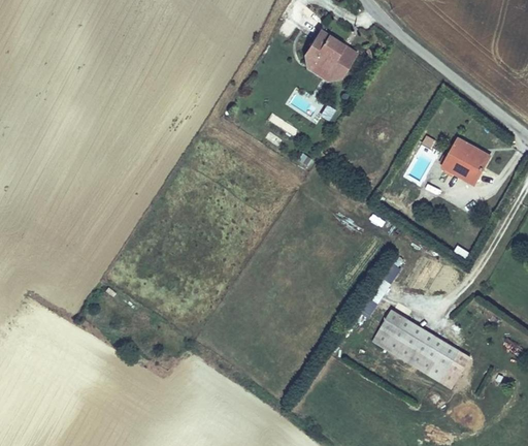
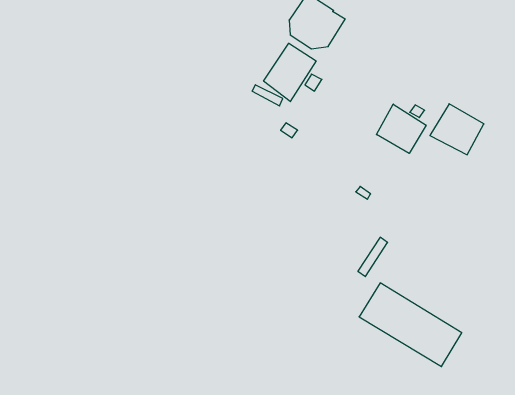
building: none -> [264,43,316,102]
building: none -> [376,104,426,153]

